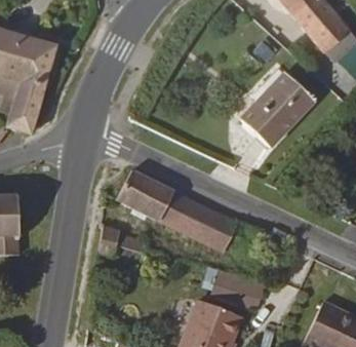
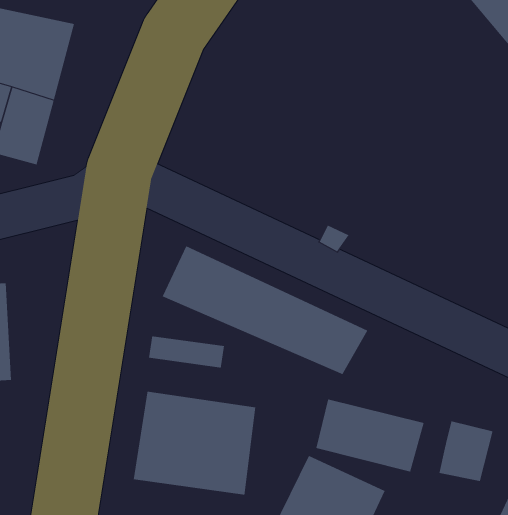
building: [233,74,310,148] -> none
building: none -> [133,391,256,495]
building: none -> [439,420,493,482]

